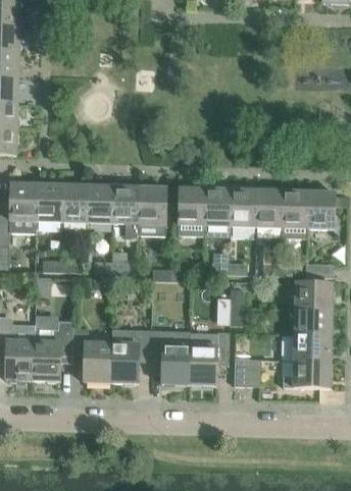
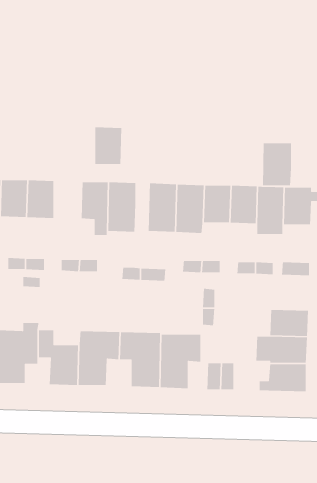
building: none -> [262,143,292,186]
building: [88,184,114,221] -> [94,127,122,165]
building: [295,281,332,309] -> none

